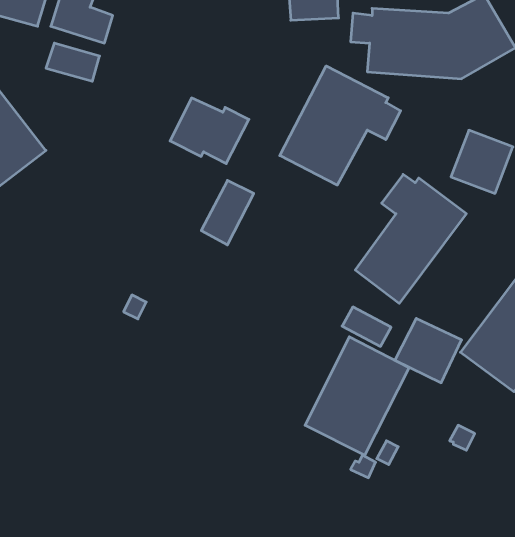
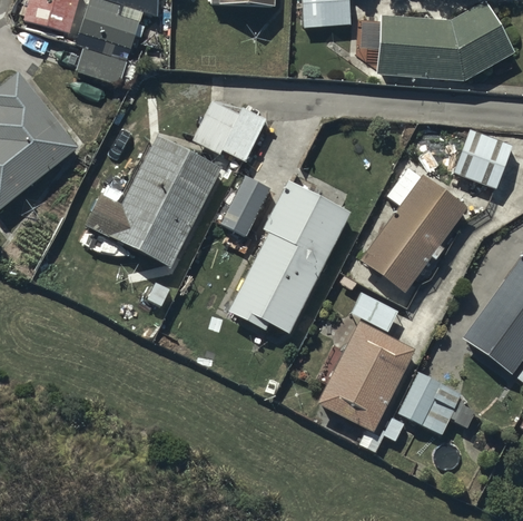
building: [280,66,401,185] -> none
building: none -> [88,135,223,267]
building: none -> [228,180,351,332]
building: [395,318,462,383] -> [399,374,462,434]

